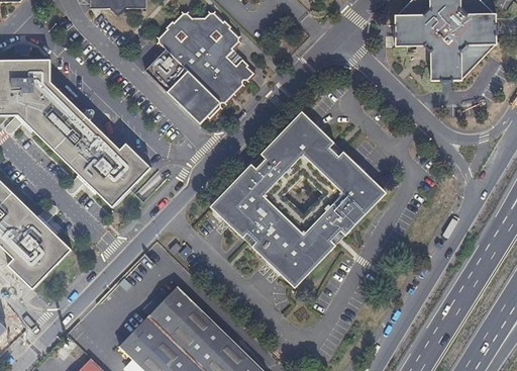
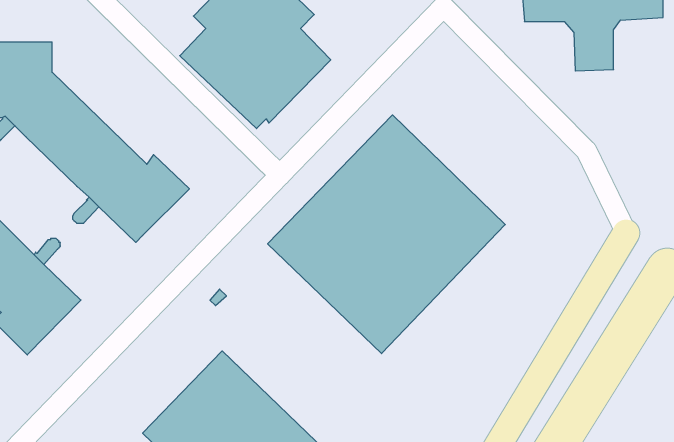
building: [463,40,500,79] -> none

